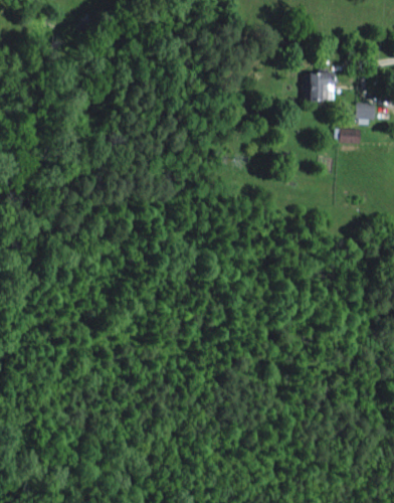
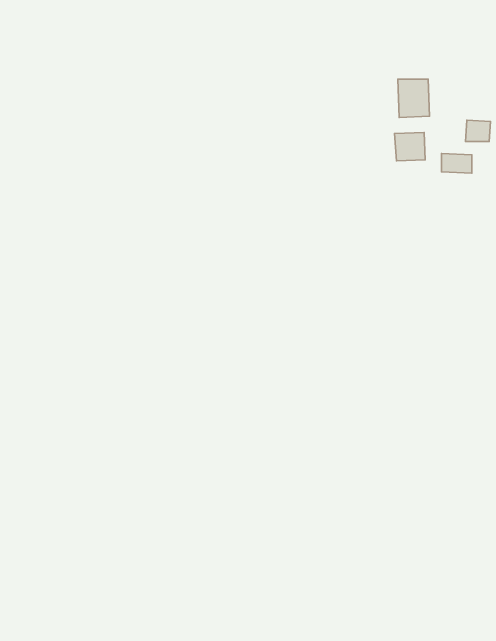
building: none -> [395,132,425,161]

